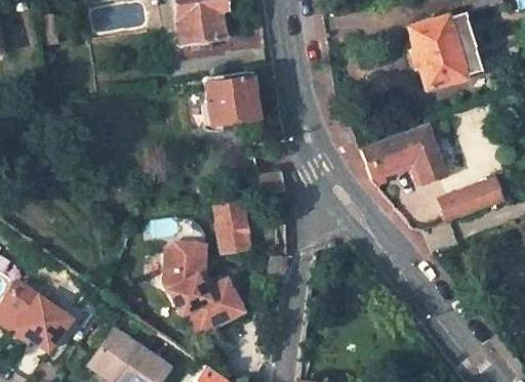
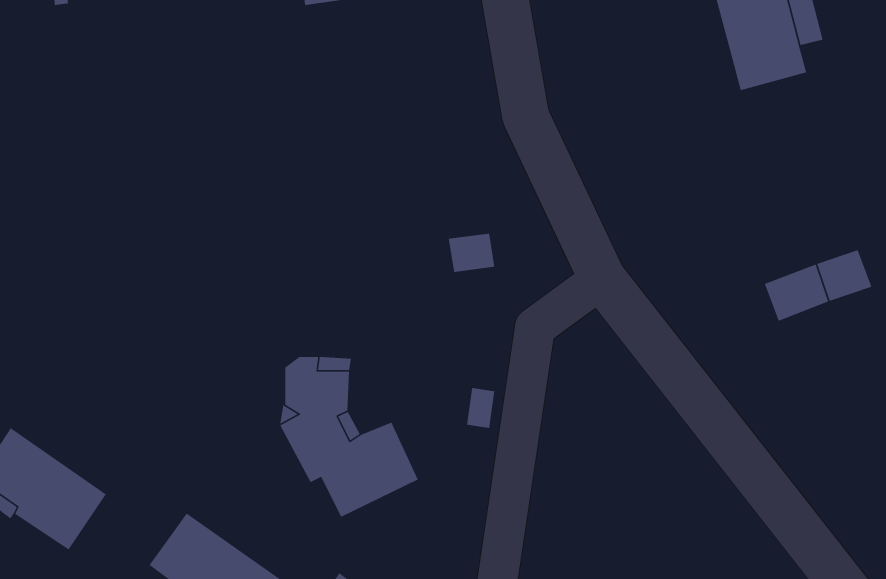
building: [204,70,258,123] -> none
building: [369,127,445,194] -> none
building: [217,200,249,251] -> none

